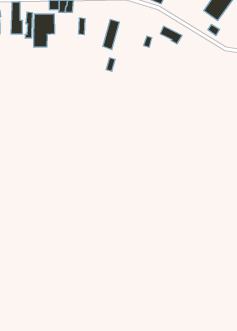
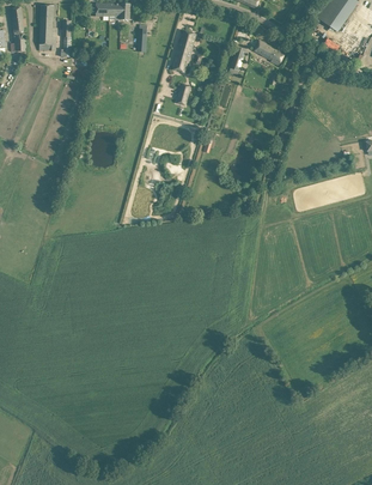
building: [34,14,54,47] -> none

